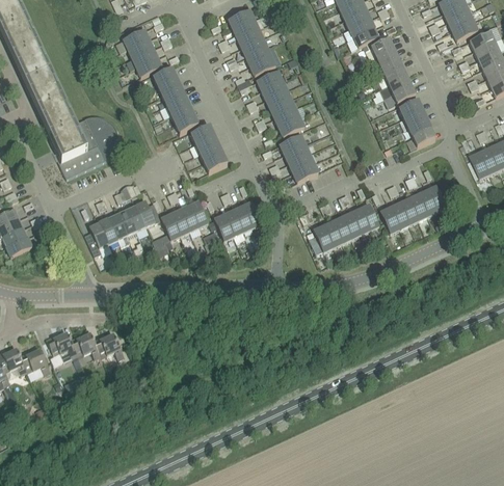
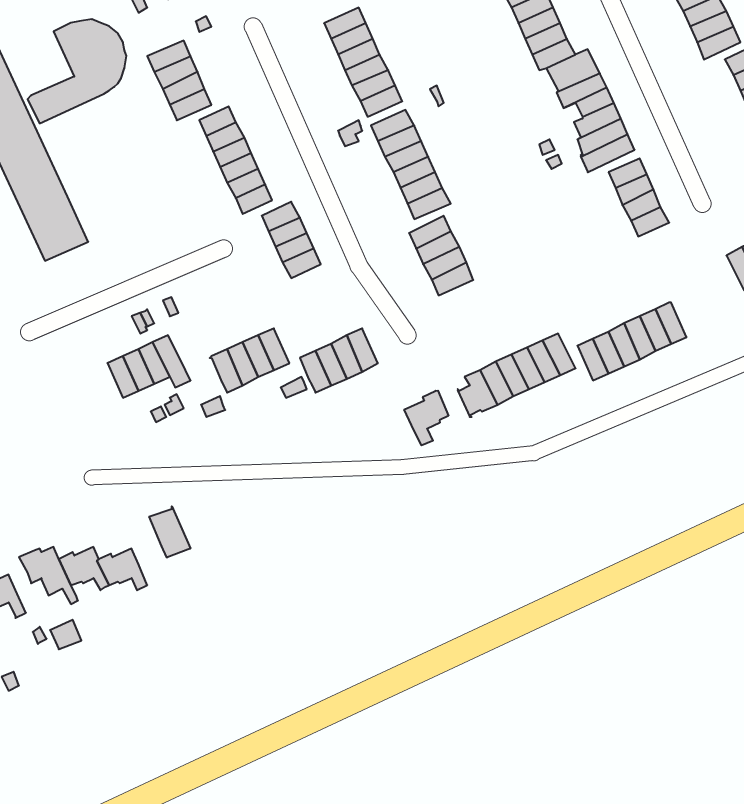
building: [59,114,118,177] -> [28,19,126,123]
building: [135,199,161,225] -> none
building: [84,221,108,254] -> none
building: none -> [404,391,448,445]
building: none -> [149,506,190,558]

